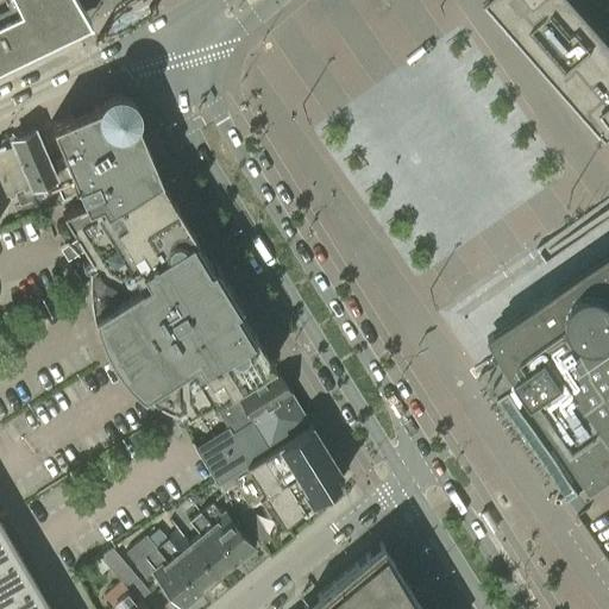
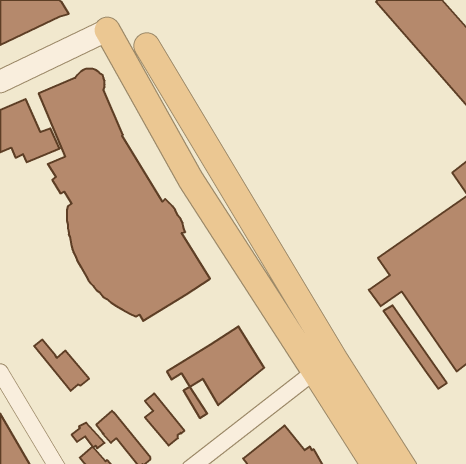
building: [194,379,306,488] -> none
building: [203,507,259,565] -> none
building: [151,533,222,599] -> [34,340,89,391]

